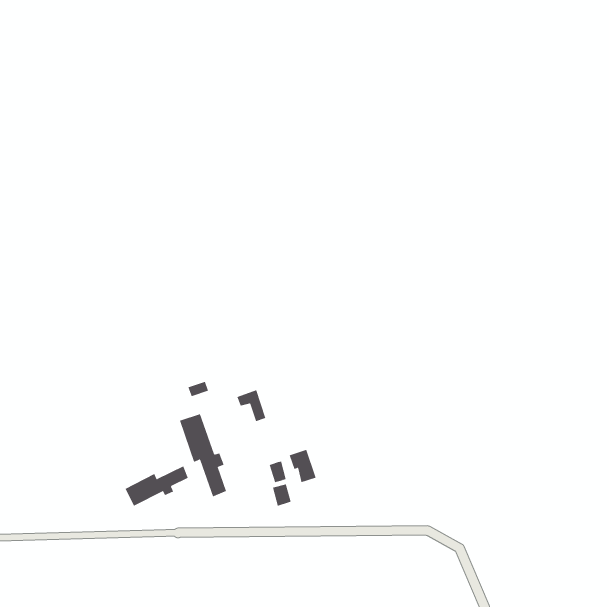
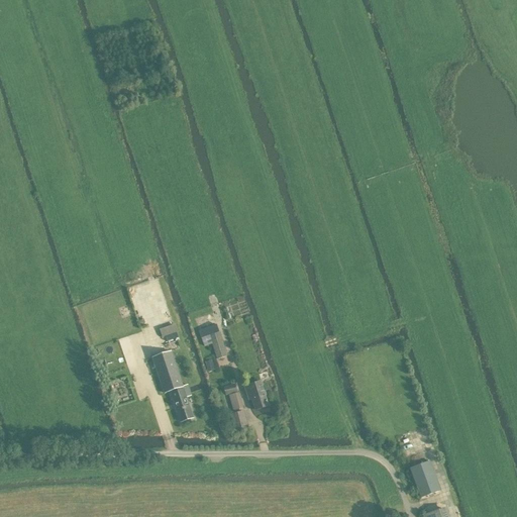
building: [125,465,189,506] -> none
building: none -> [409,458,439,495]

